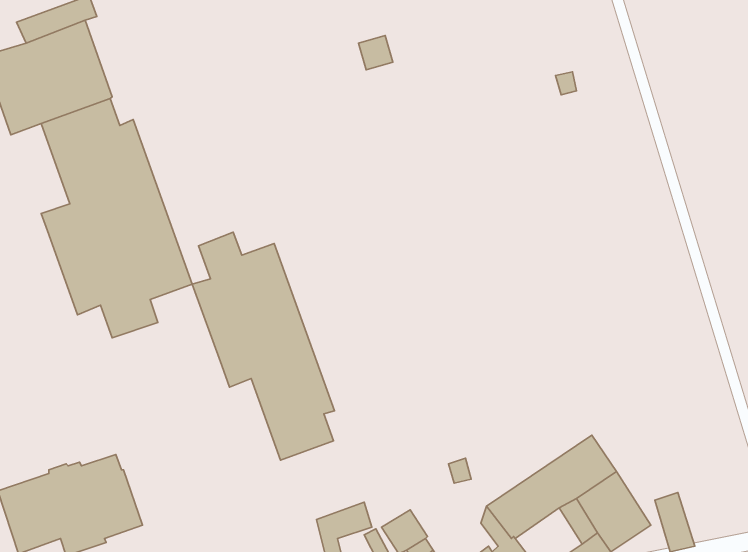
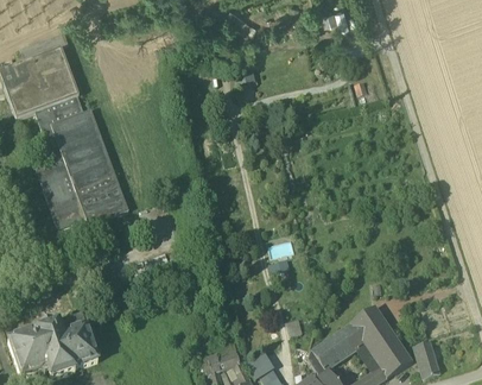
building: [192,232,334,460] -> none

